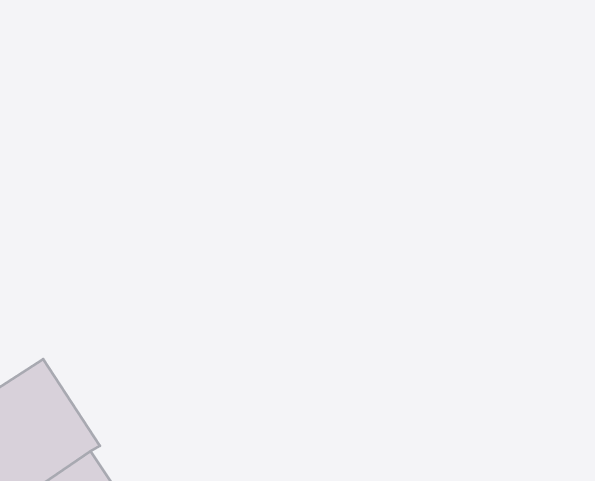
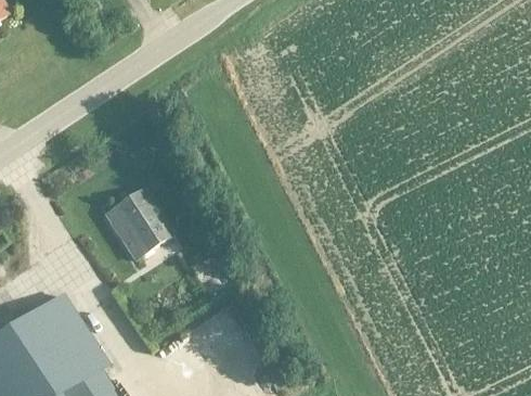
building: none -> [105,189,173,258]

